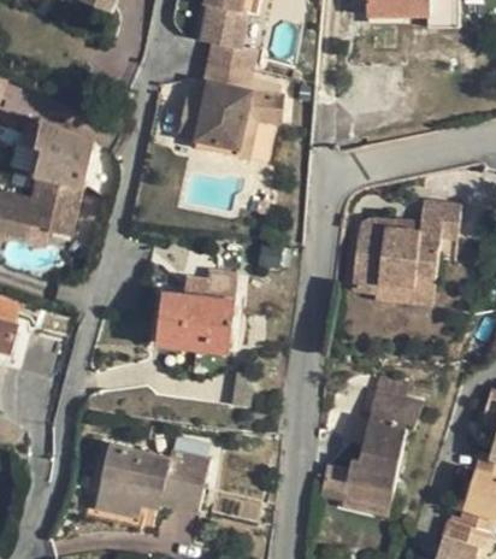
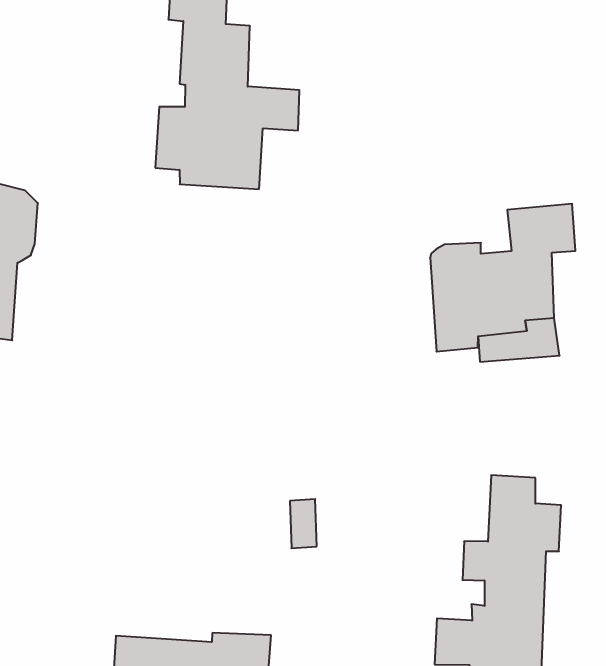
building: [158,271,237,352] -> none

